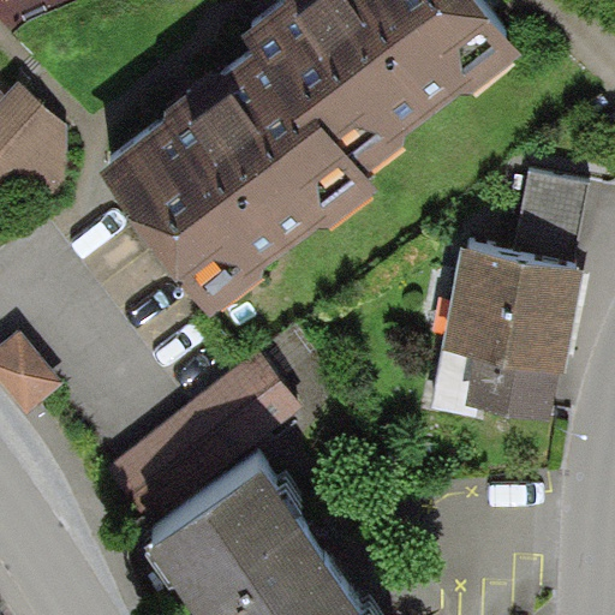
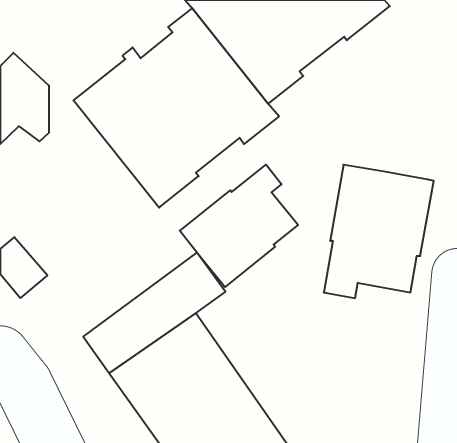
building: [518,177,591,261] -> none
building: none -> [180,165,298,287]

